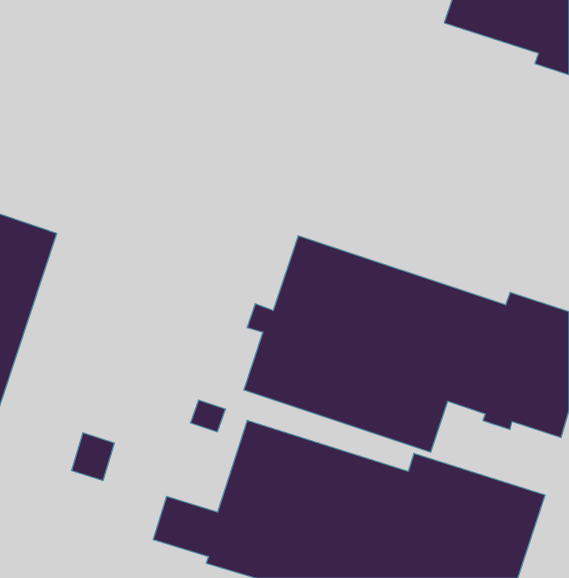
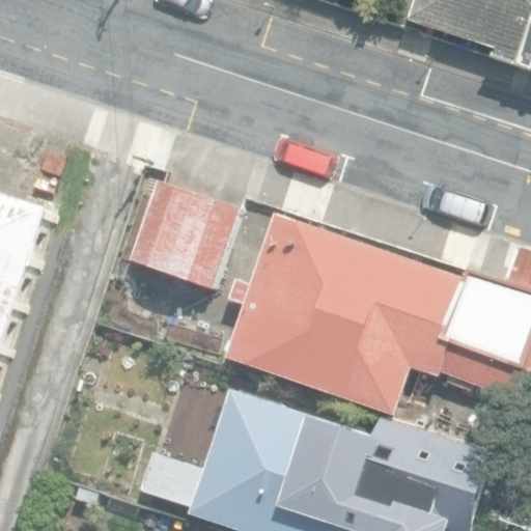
building: none -> [129,181,239,290]

